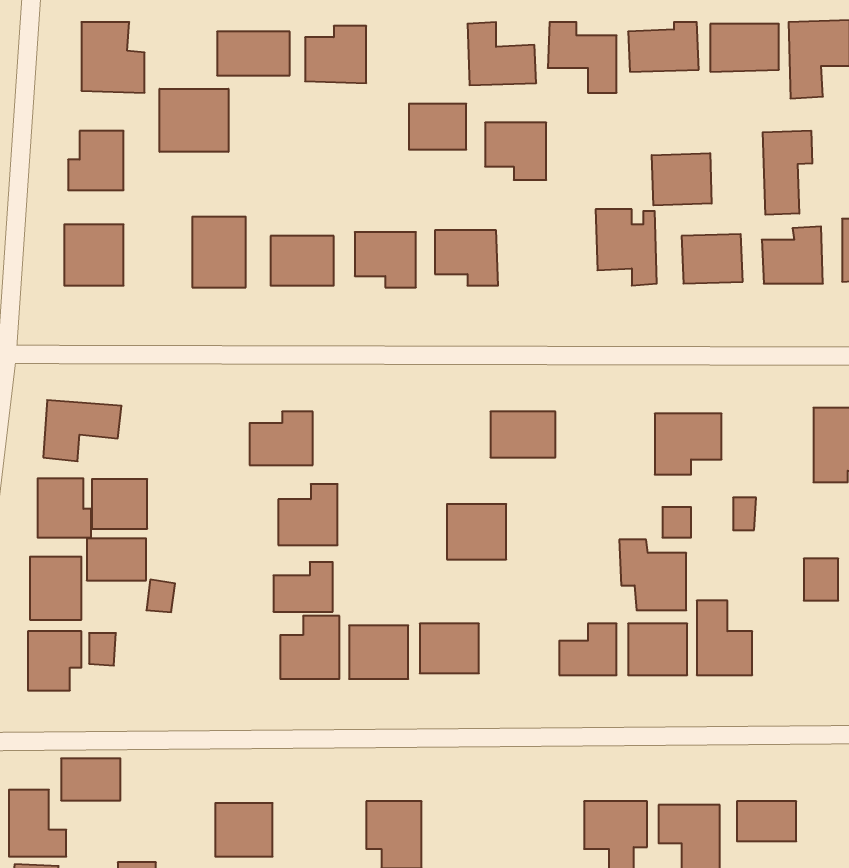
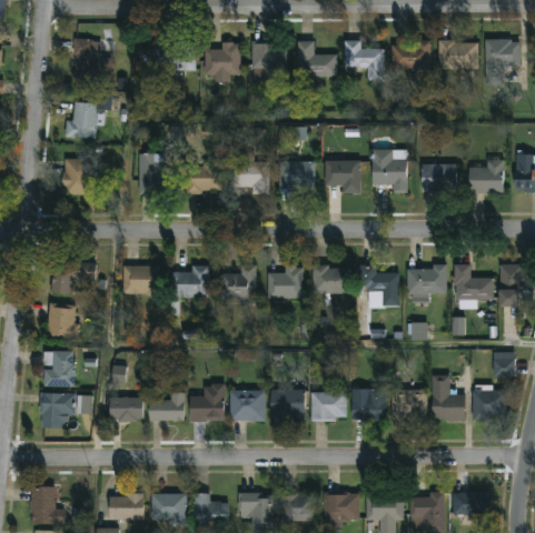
building: [160,89,228,152] -> none
building: [409,104,466,150] -> [251,43,285,70]
building: [485,123,546,180] -> [326,160,361,193]
building: [763,131,812,215] -> none
building: [652,153,712,205] -> none
building: none -> [454,264,493,300]
building: [92,479,147,529] -> [125,266,157,295]
building: [278,484,338,545] -> [220,265,255,301]
building: [447,504,506,559] -> [268,266,303,299]
building: [87,538,146,580] -> [109,398,143,422]
building: [619,540,686,610] -> [359,265,398,306]
building: [273,562,333,612] -> [149,393,184,422]
building: none -> [474,390,506,418]
building: none -> [311,392,346,420]
building: [61,758,120,800] -> [108,495,142,520]
building: none -> [192,493,228,526]
building: none -> [324,494,358,521]
building: none -> [281,495,315,521]

